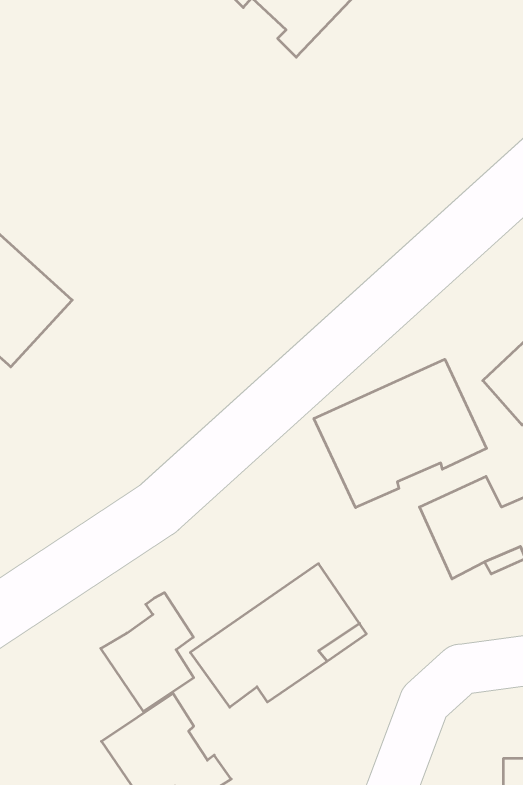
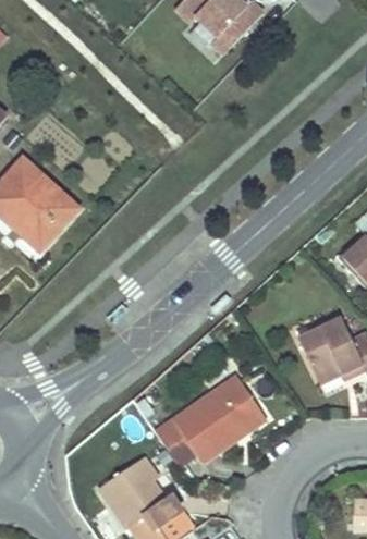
building: [314,359,487,508] -> none
building: [101,593,194,711] -> none

